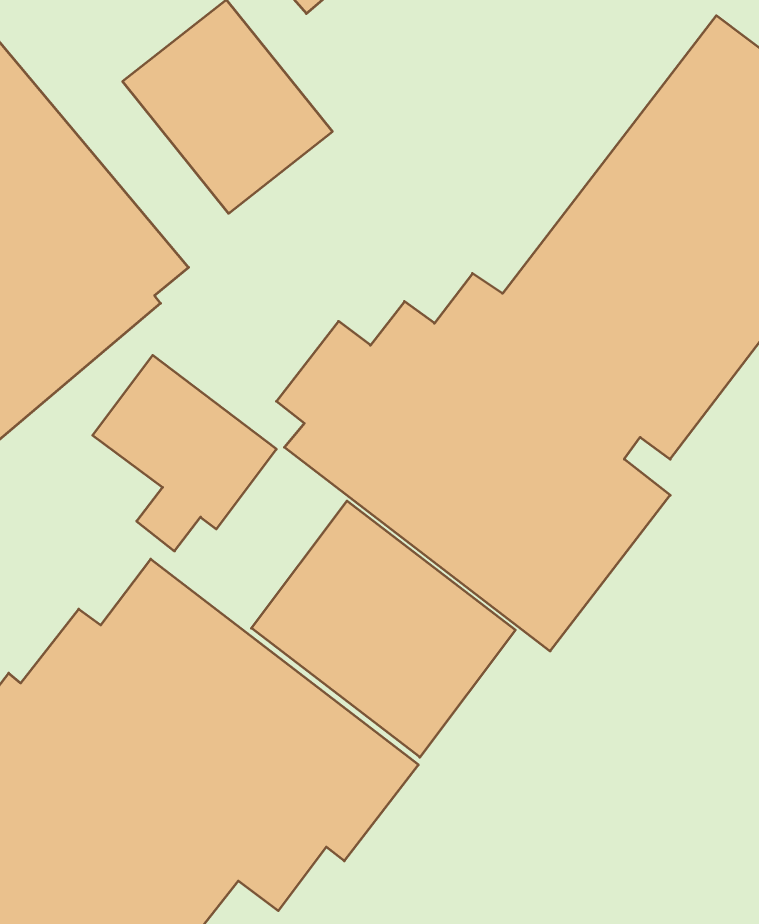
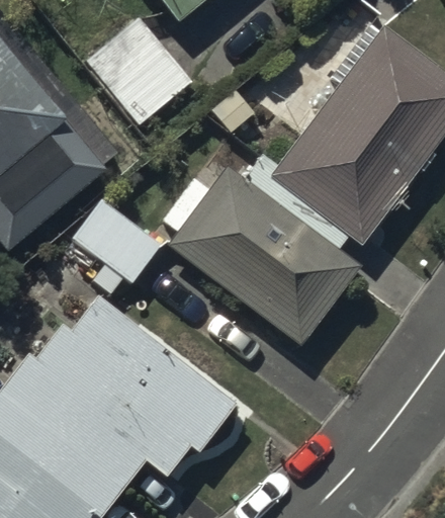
building: [251,501,515,757] -> none

